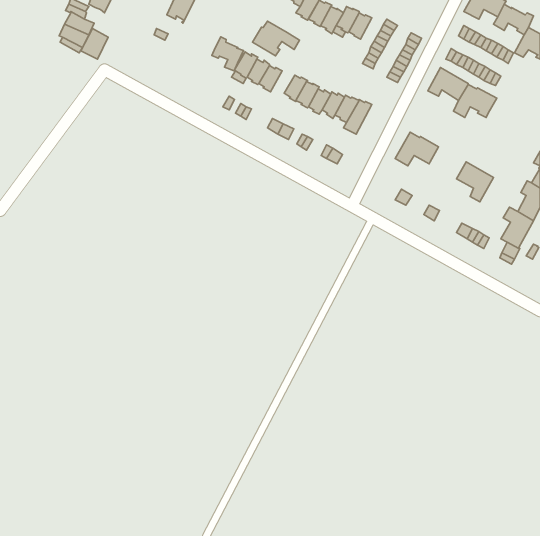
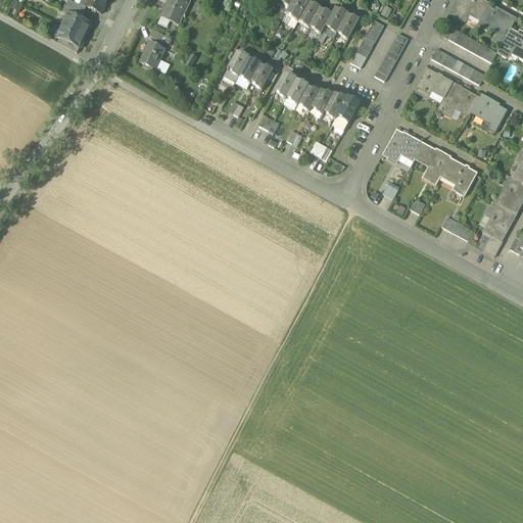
building: [252,21,300,56] -> none
building: [81,29,108,59] -> [138,39,164,68]
building: [212,37,244,71] -> none
building: none -> [472,92,508,131]
building: none -> [416,142,450,183]

